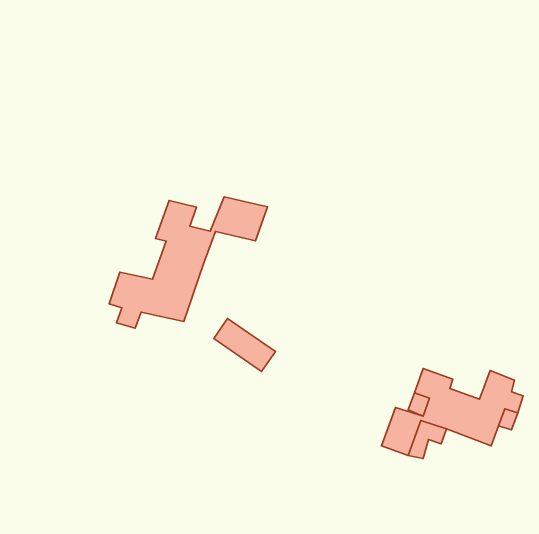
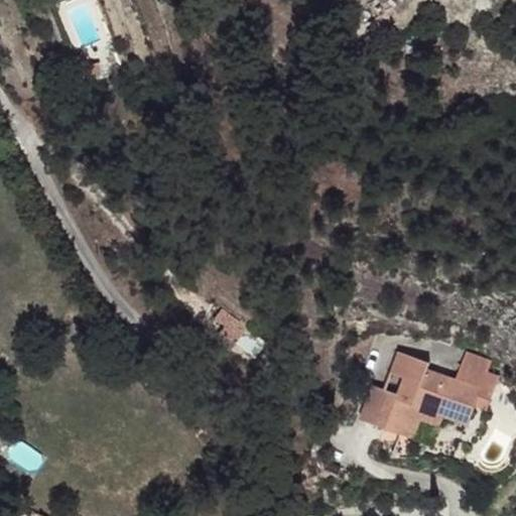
building: [109,197,268,328] -> none

